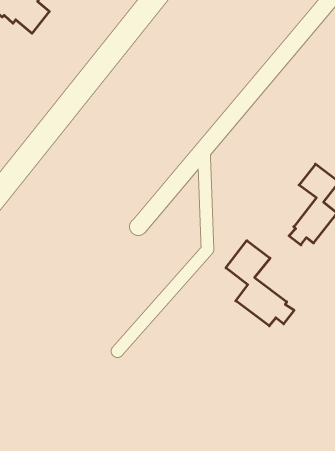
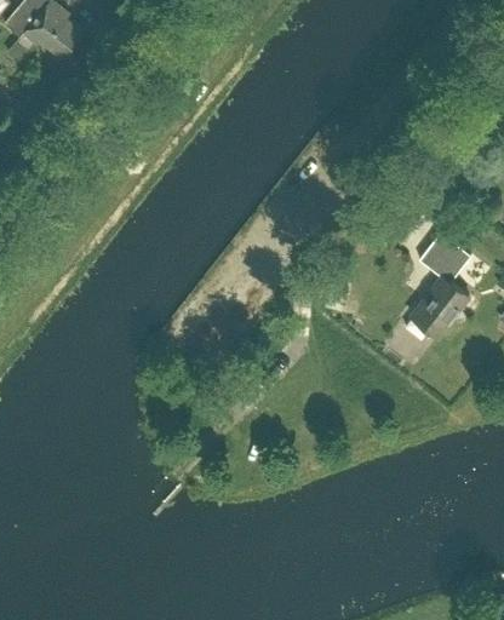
building: [226,241,294,326] -> none

